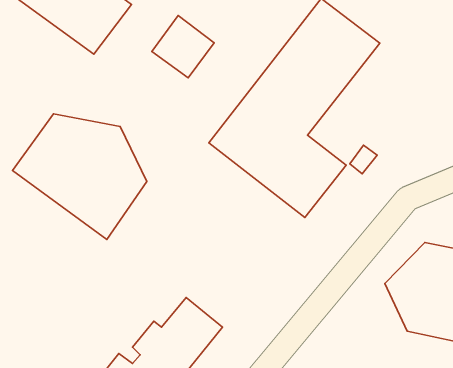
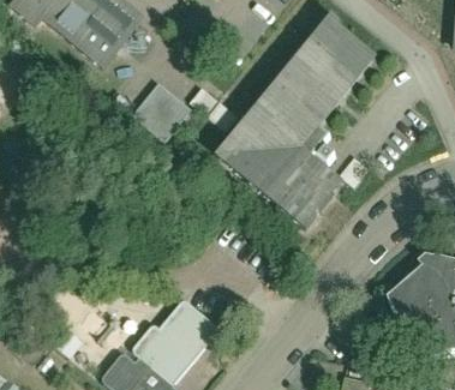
building: [152,15,214,78] -> [134,86,194,146]
building: [12,114,147,239] -> none

